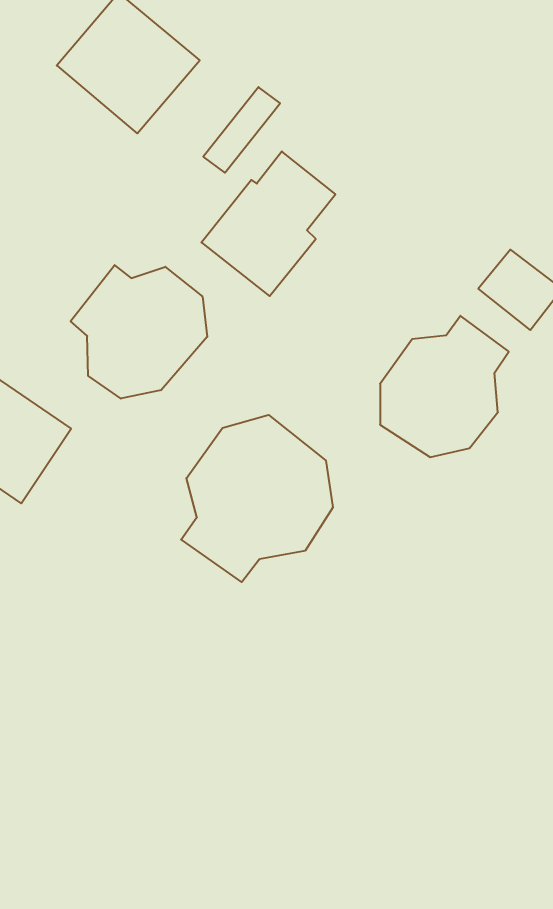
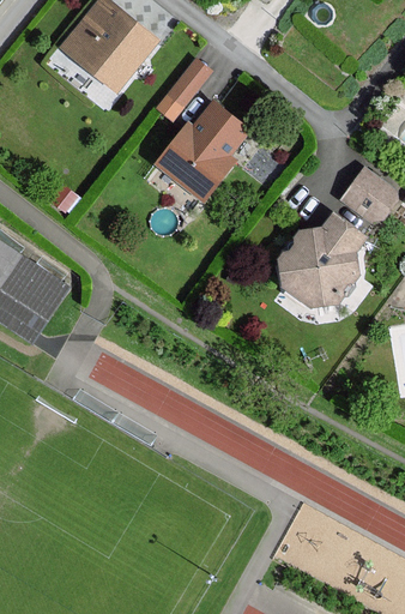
building: [71,265,207,399] -> none
building: [181,415,333,582] -> none

